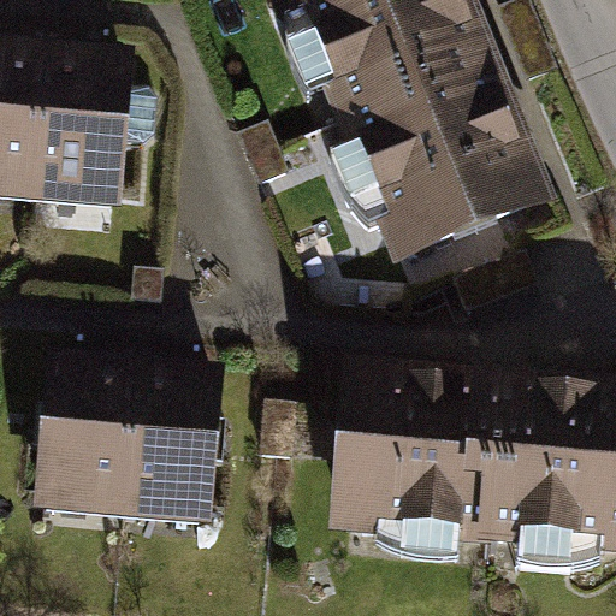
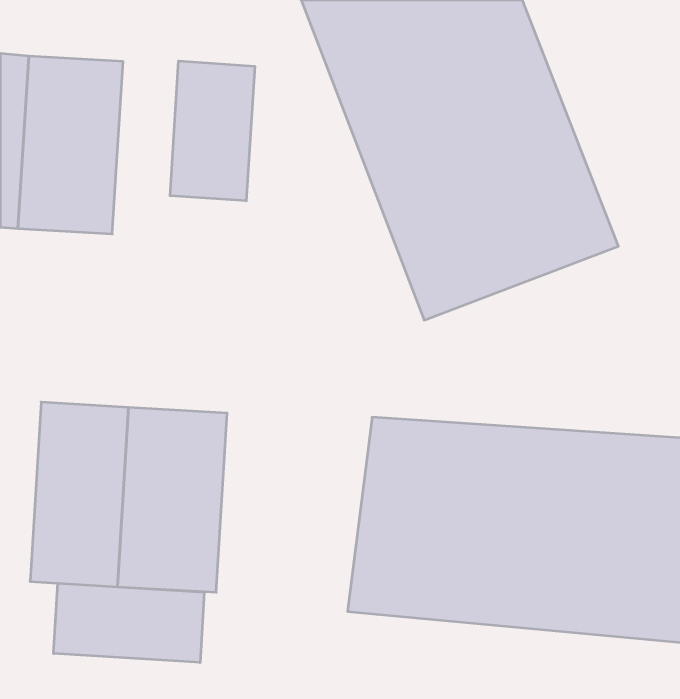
building: none -> [170,61,255,201]
building: none -> [54,583,204,663]

